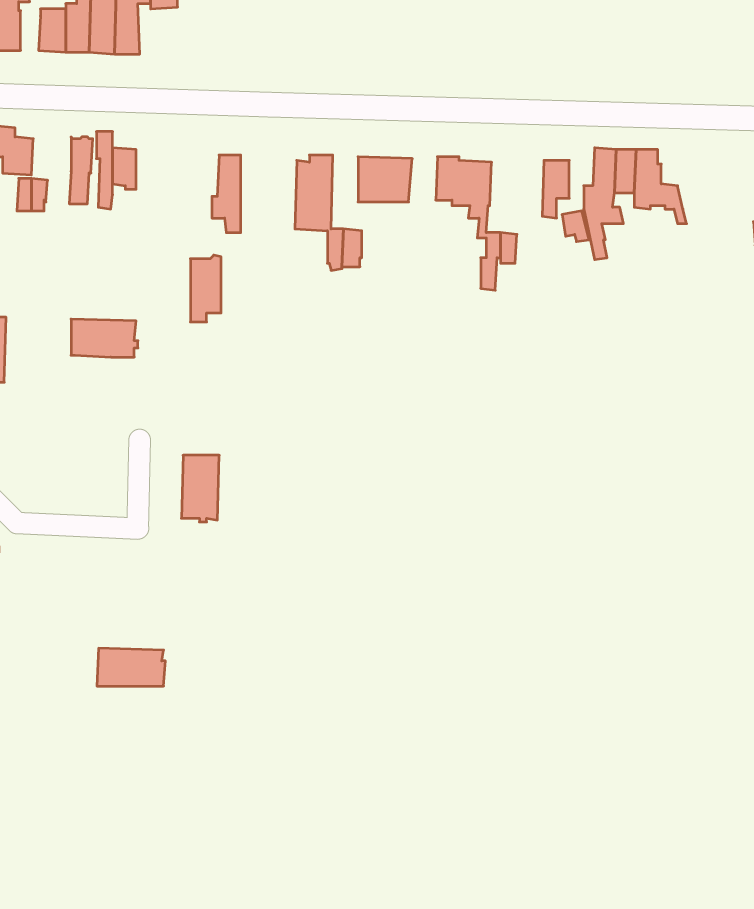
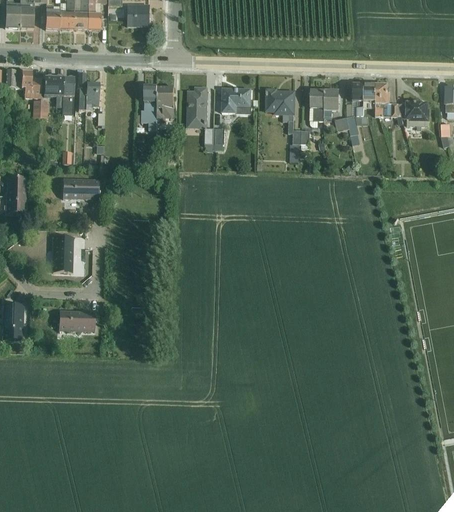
building: none -> [127,5,150,25]
building: none -> [45,75,63,95]
building: none -> [309,89,325,126]
building: none -> [399,100,430,129]
building: [190,255,221,322] -> [157,84,174,121]
building: [181,455,219,522] -> [53,236,74,273]
building: [97,648,165,686] -> [59,309,97,330]

